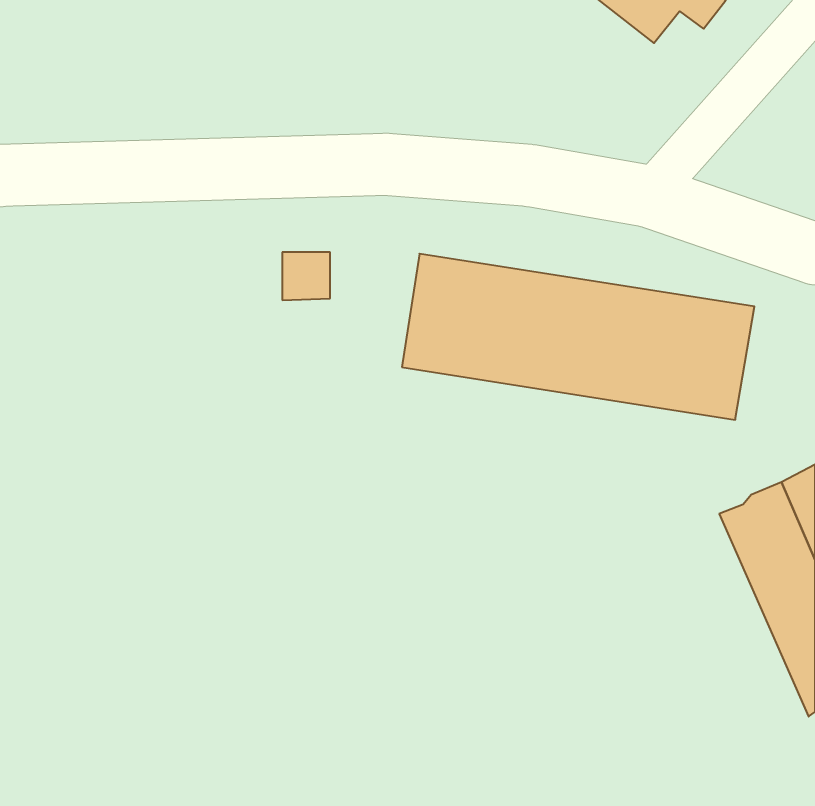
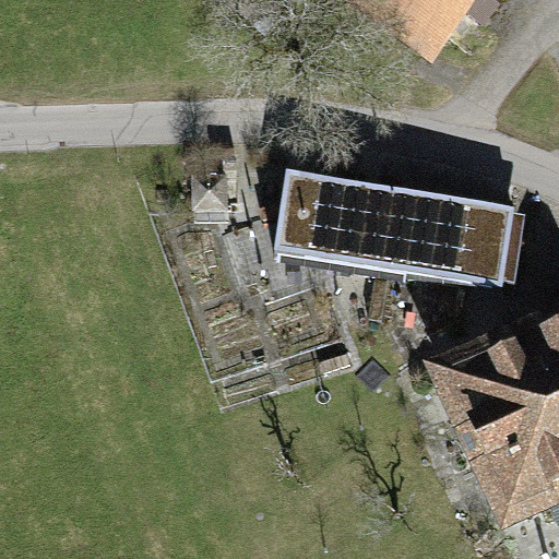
building: none -> [448,352,554,511]

